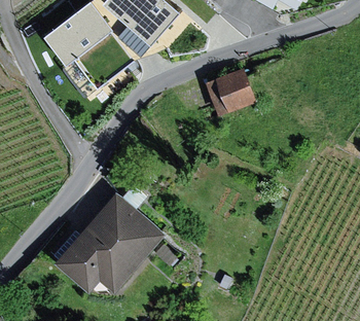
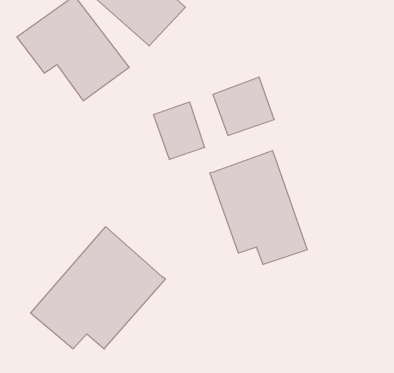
building: none -> [153,102,205,160]
building: none -> [210,151,307,265]

